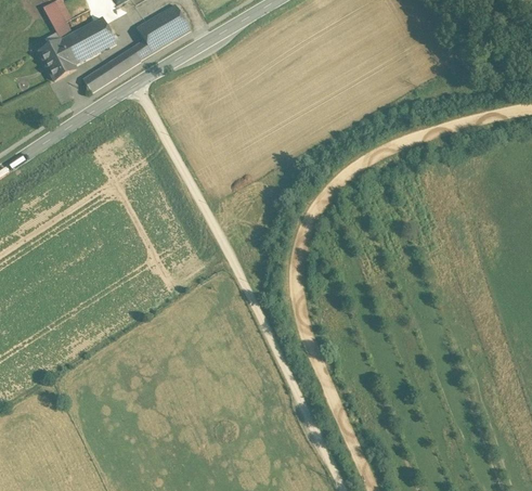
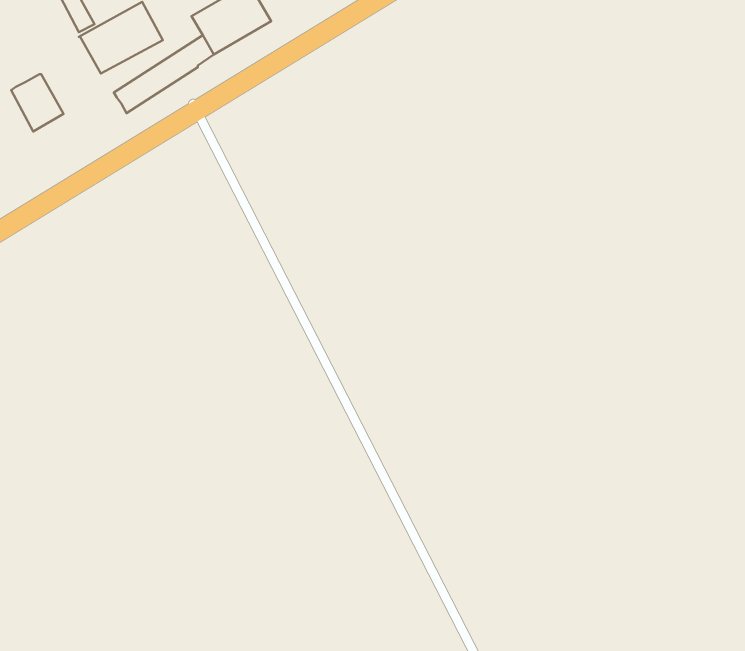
building: [39,39,75,78] -> [11,74,63,131]

